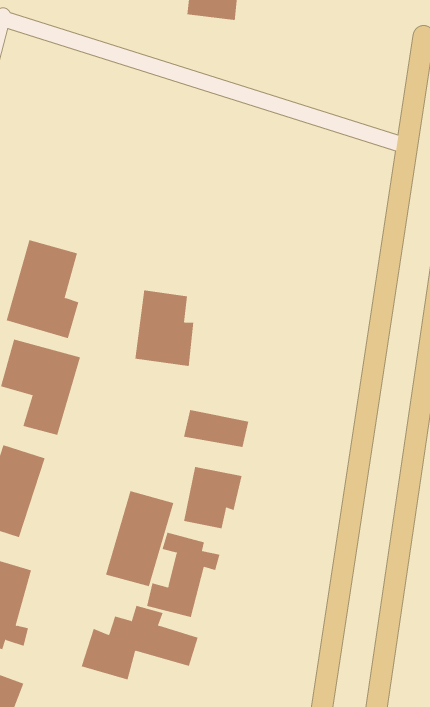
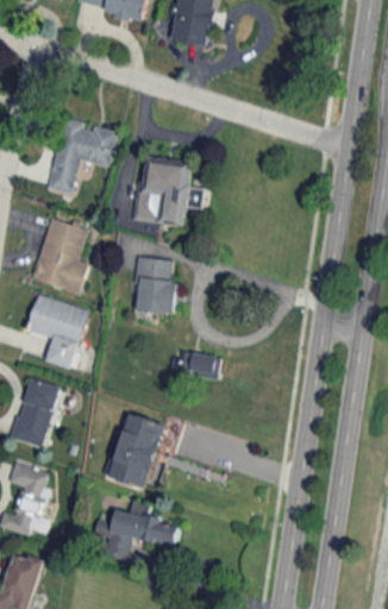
building: none -> [48,120,117,194]
building: none -> [134,155,205,227]
building: [184,466,242,529] -> none
building: [146,532,220,618] -> none

